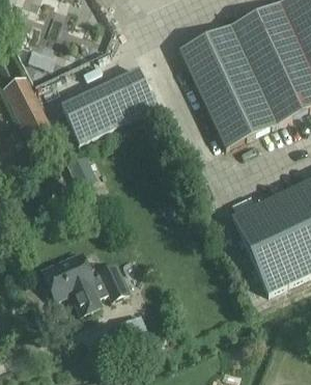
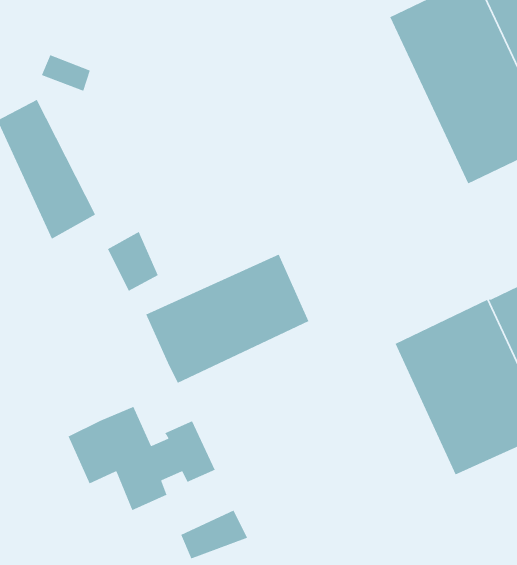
building: [179,27,275,147] -> none
building: [61,67,157,143] -> [145,254,310,384]

